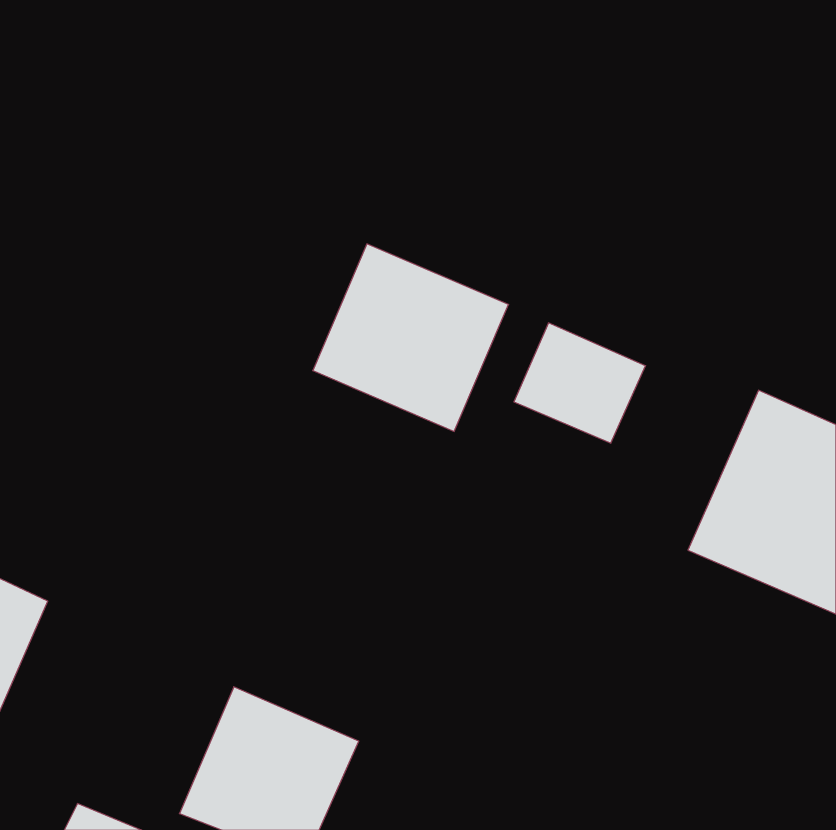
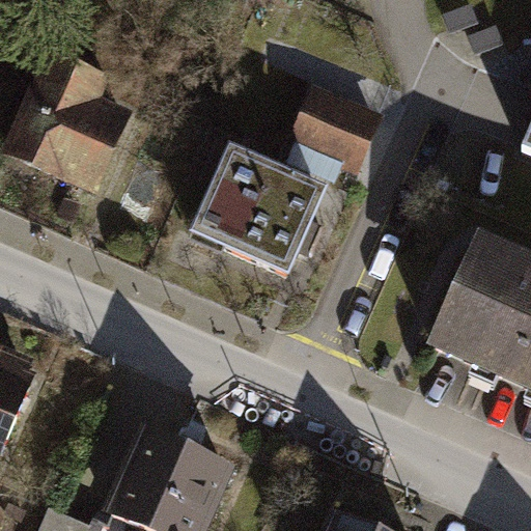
building: none -> [12,58,127,189]
building: [514,323,646,443] -> [294,89,376,165]

